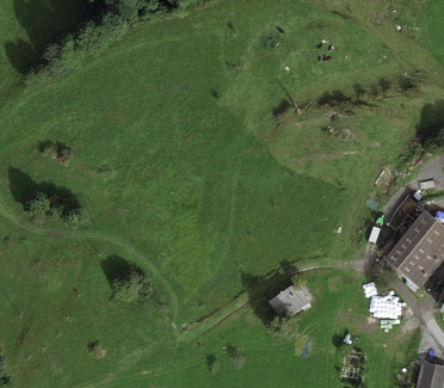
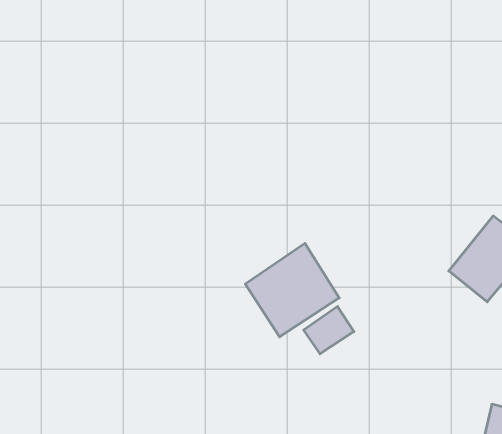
building: none -> [245,243,339,337]

